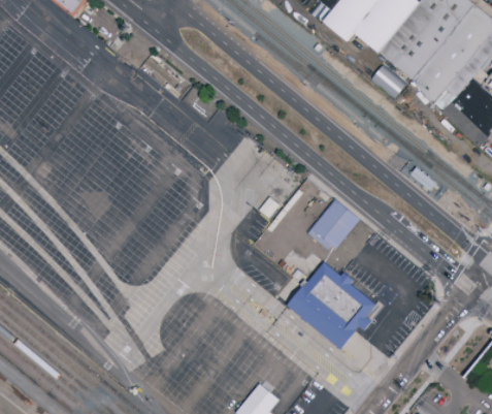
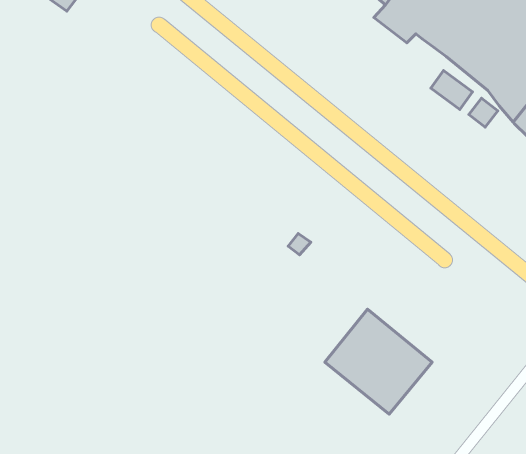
building: [309,198,358,248] -> none

